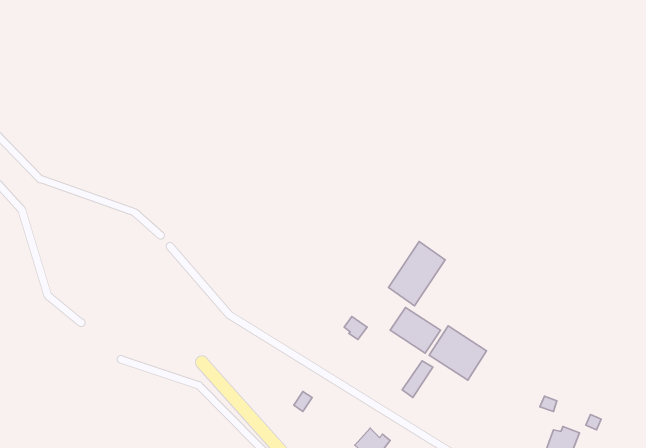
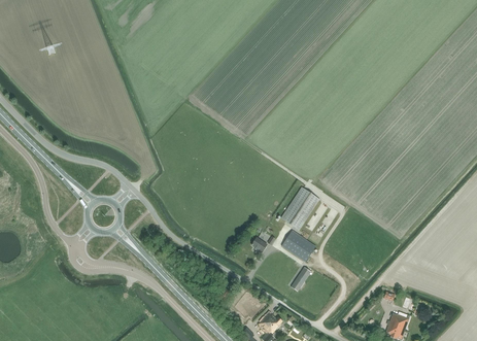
building: [429,326,487,380] -> none

